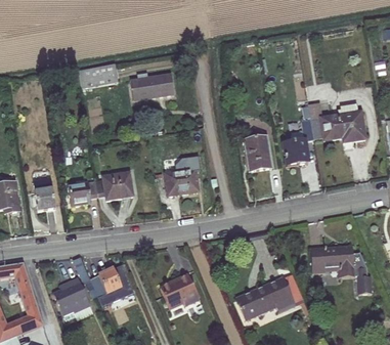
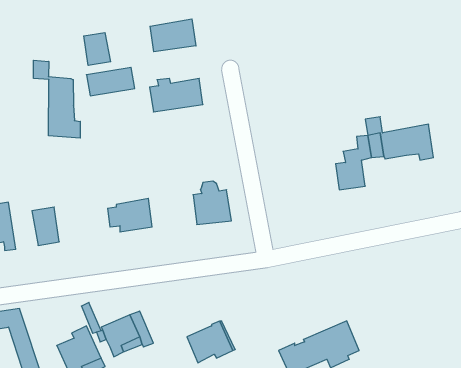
building: none -> [150,19,196,52]
building: none -> [84,33,111,65]
building: none -> [33,60,80,138]
building: [244,136,271,171] -> none
building: [68,180,97,205] -> none
building: [310,245,371,294] -> none

